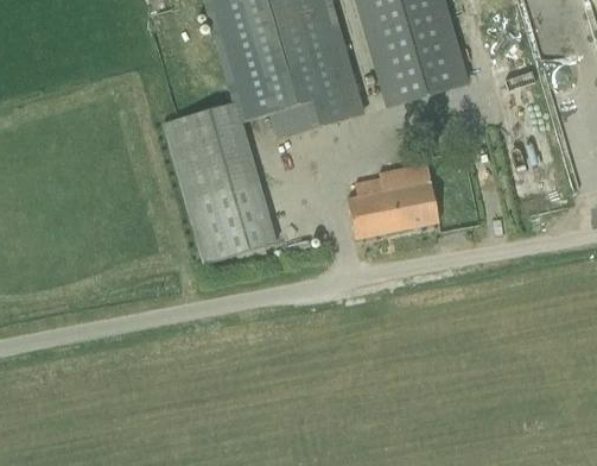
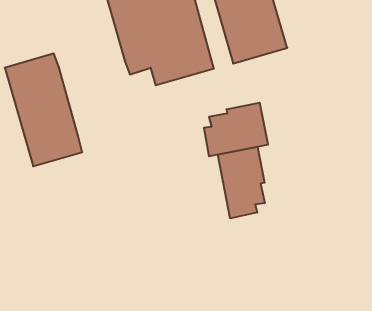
building: [165,102,275,263] -> [5,54,82,166]
building: none -> [218,147,265,218]

